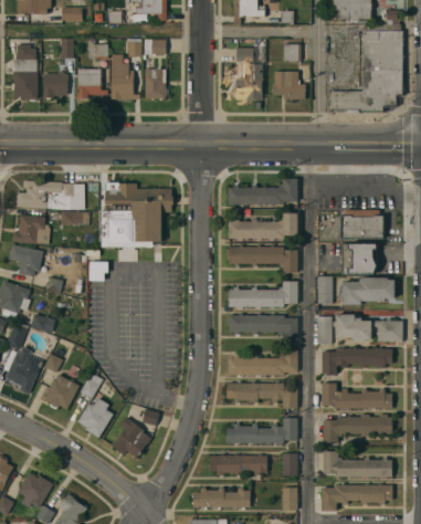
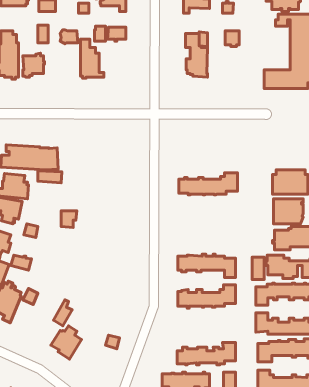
building: [145,69,168,99] -> none
building: [77,70,107,99] -> none
building: [273,72,306,101] -> none
building: [229,179,297,207] -> none
building: [101,184,173,249] -> none
building: [228,244,296,271] -> none
building: [316,274,331,303] -> none
building: [228,280,296,307] -> none
building: [43,374,78,408] -> none
building: [225,380,296,407] -> none
building: [110,416,150,457] -> none

